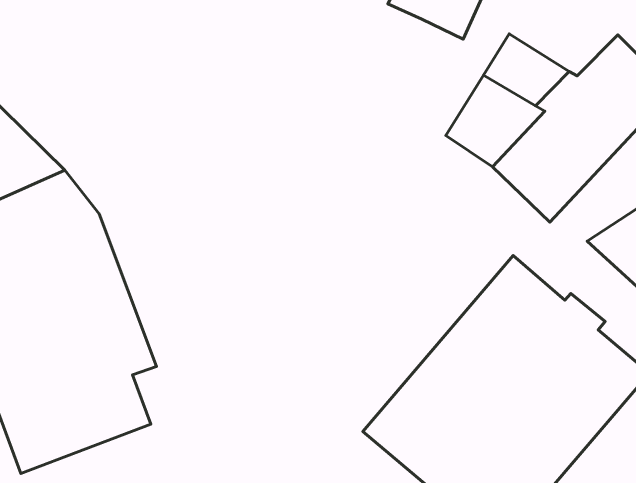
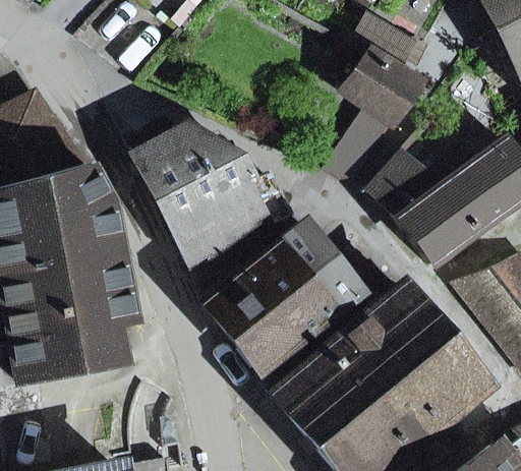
building: none -> [134,129,287,263]
building: none -> [204,225,356,380]

